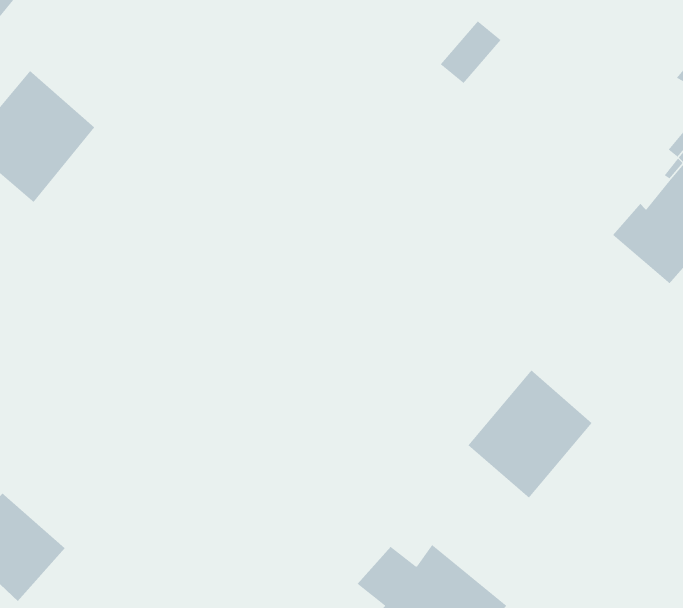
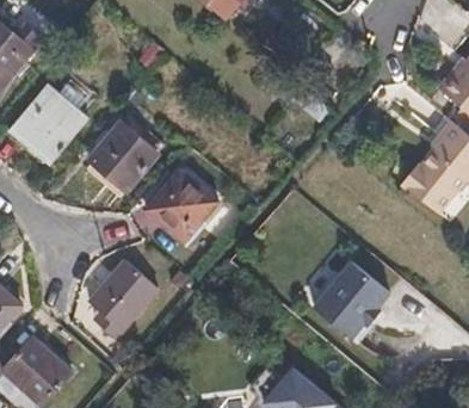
building: none -> [90,122,158,190]
building: none -> [148,171,215,240]
building: none -> [91,259,158,328]

